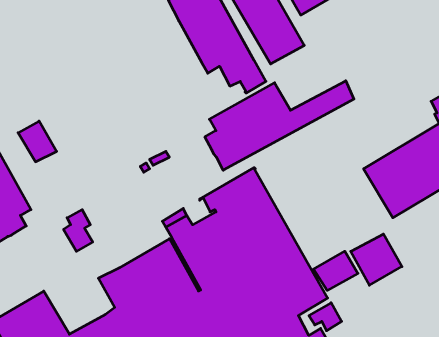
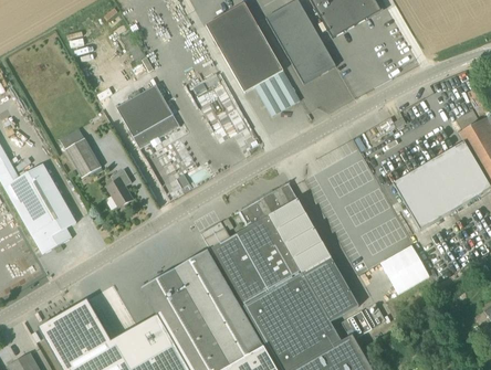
building: none -> [115,83,179,149]
building: [205,81,354,170] -> none
building: [64,210,93,251] -> [106,168,134,208]
building: [313,251,358,290] -> none

